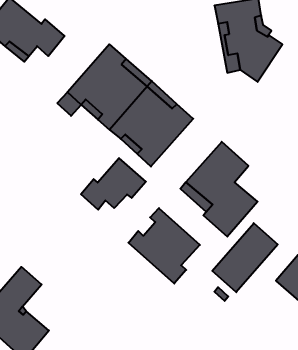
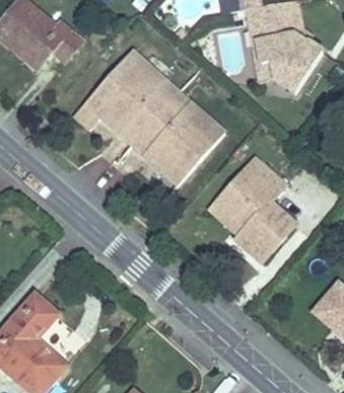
building: [81,158,146,210] -> none
building: [128,208,200,284] -> none
building: [212,223,278,292] -> none

